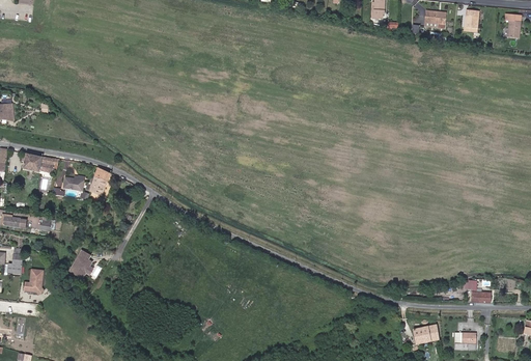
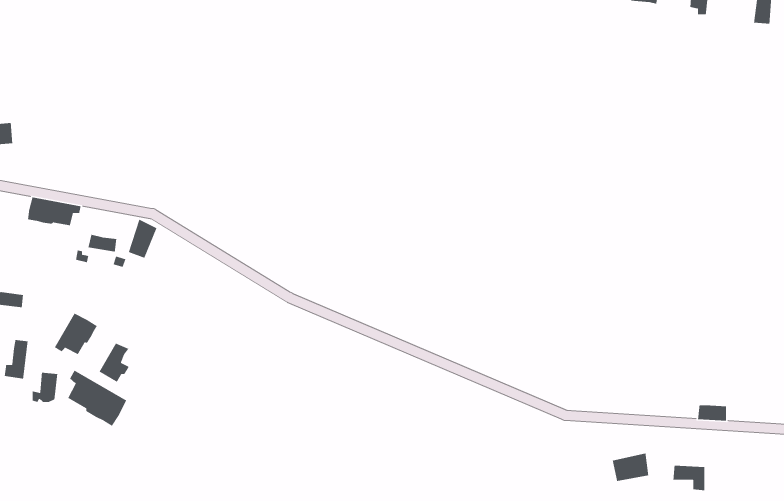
building: none -> [54,313,98,355]
building: none -> [67,370,127,427]

